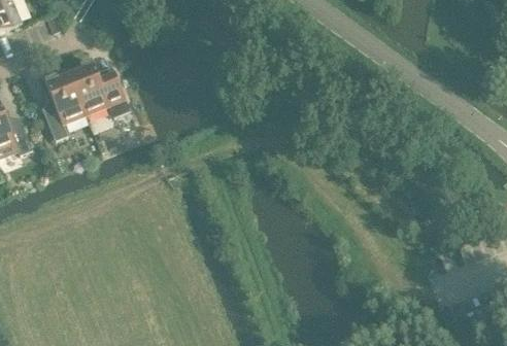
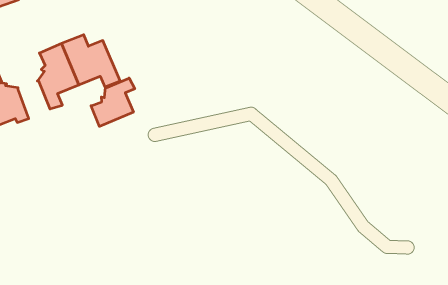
building: none -> [91,78,135,126]

